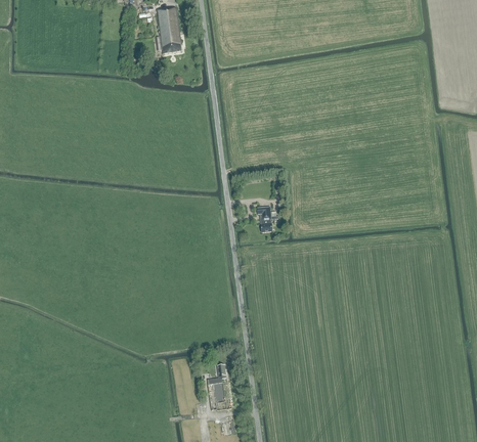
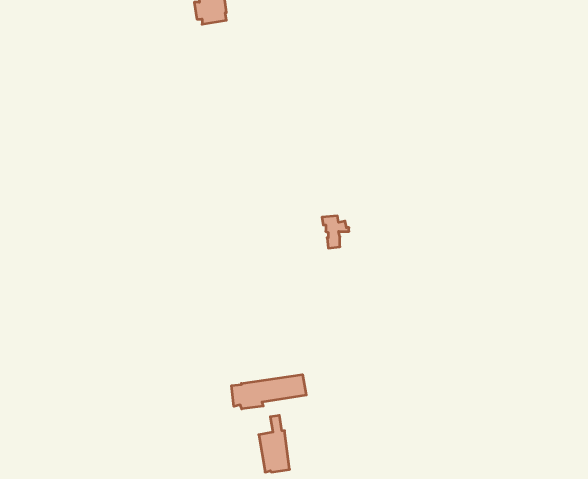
building: none -> [232,375,306,409]

